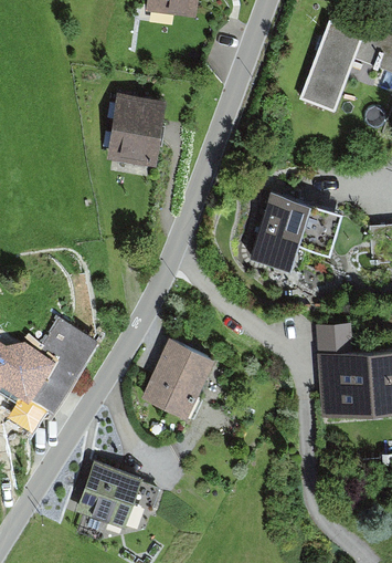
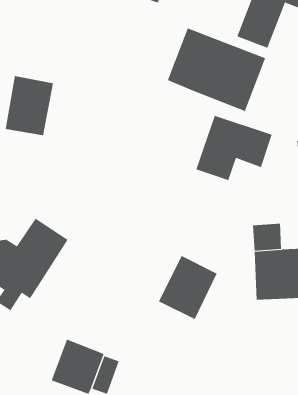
building: none -> [167,28,266,112]
building: [107,95,166,167] -> [5,76,54,136]
building: [141,340,212,417] -> [158,255,217,320]

